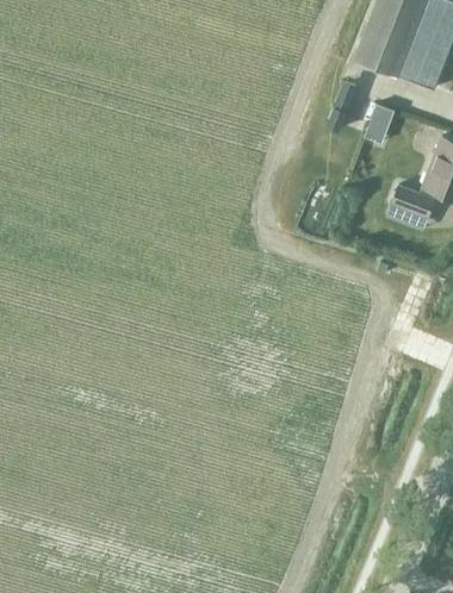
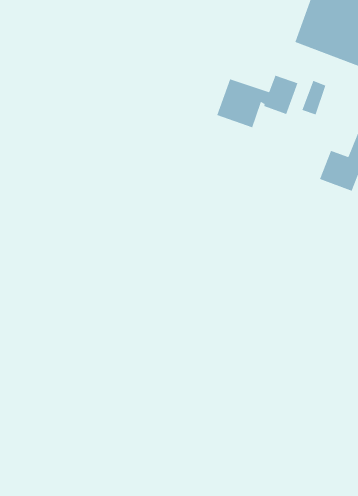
building: none -> [216,75,298,128]

